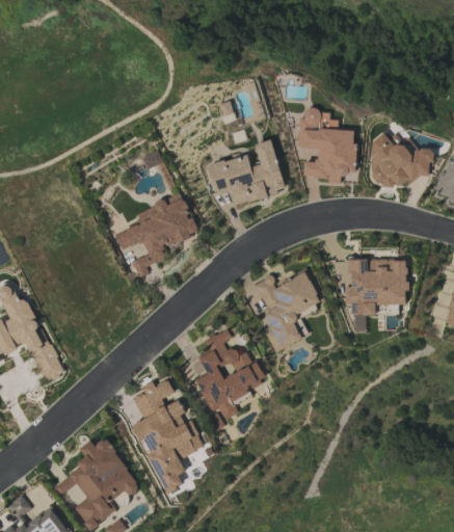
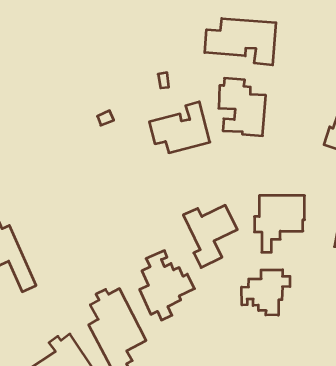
building: none -> [205,18,276,65]
building: [369,136,431,188] -> none
building: [113,193,198,277] -> none
building: none -> [242,270,290,315]

